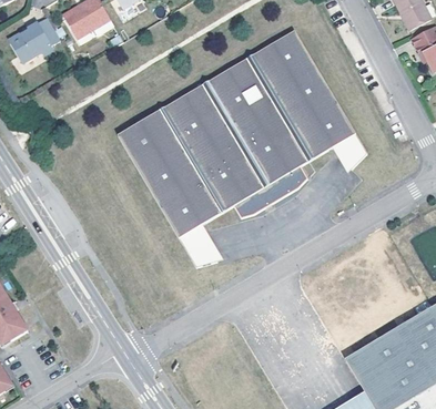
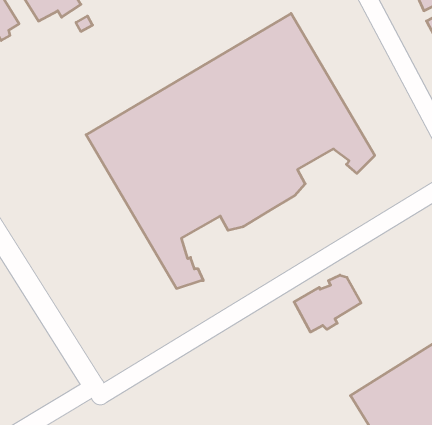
building: none -> [294,275,361,332]

